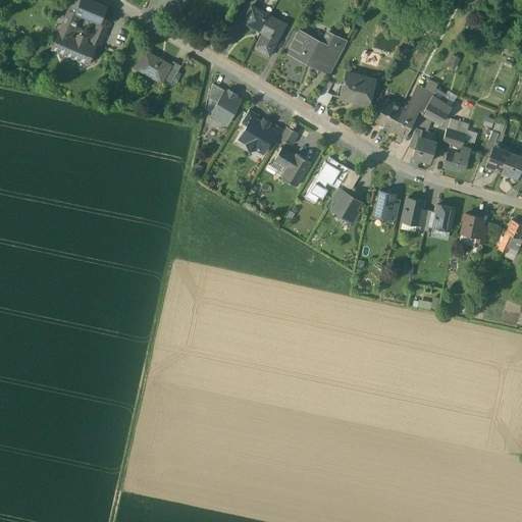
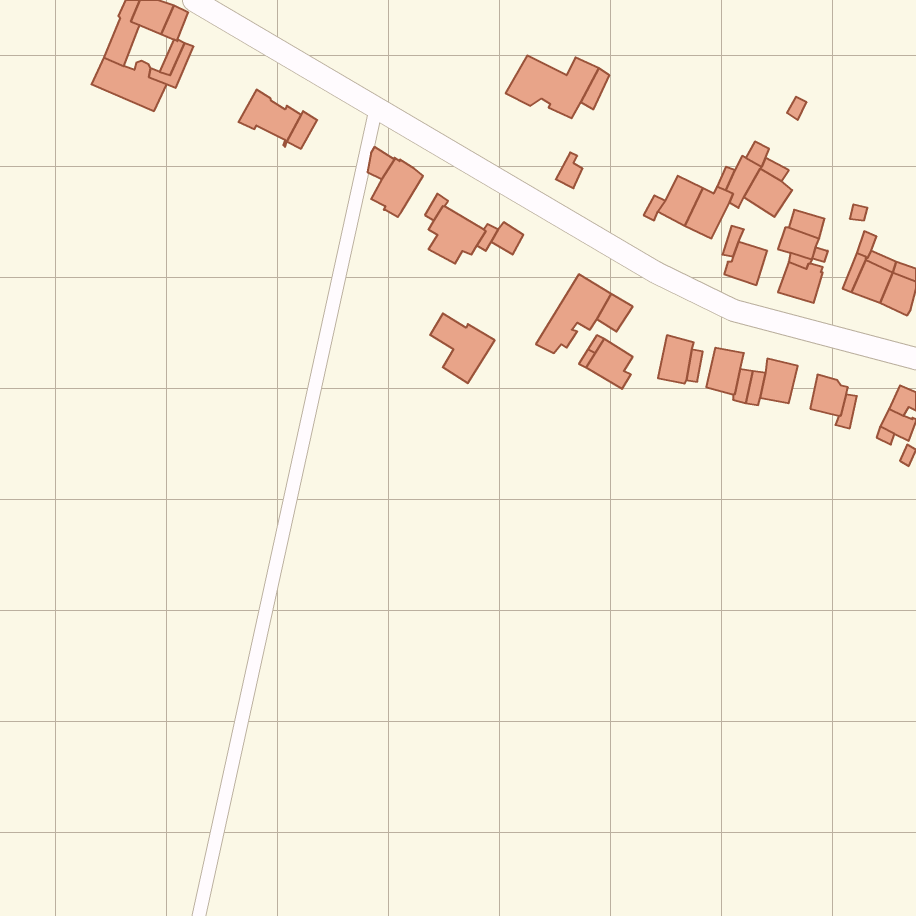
building: [243,7,285,57] -> none
building: [340,73,373,105] -> none
building: [274,147,311,187] -> [430,313,495,383]

